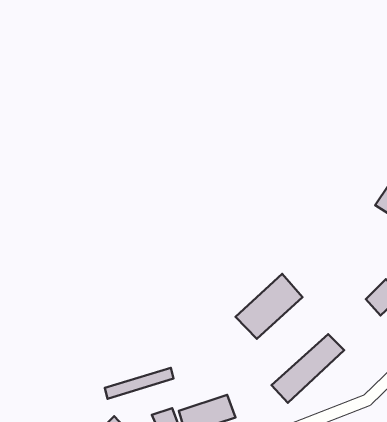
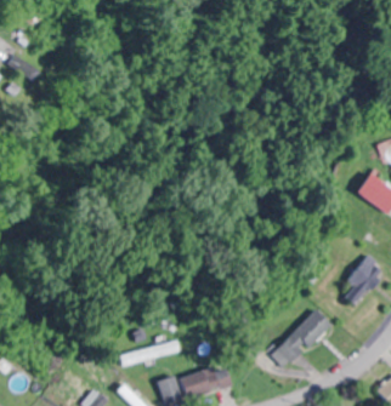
building: [235,274,303,339] -> none

